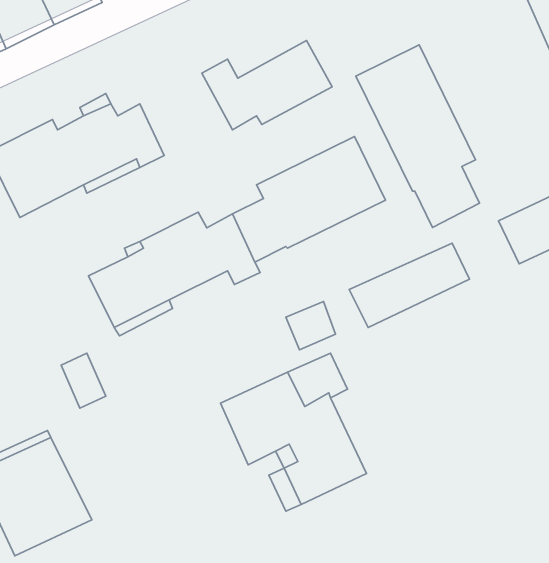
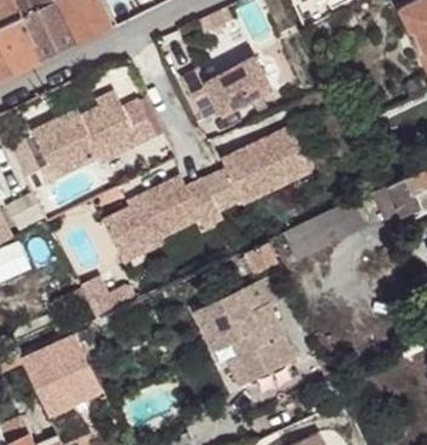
building: [356,45,479,228] -> none

